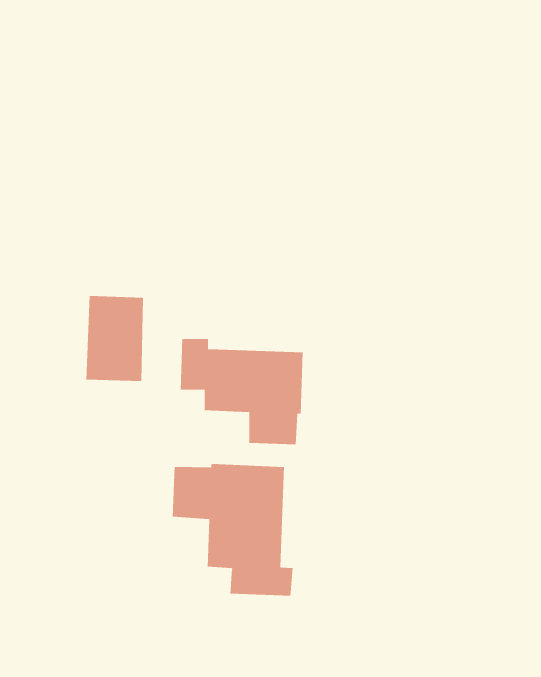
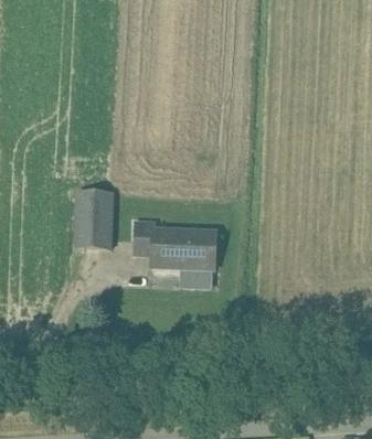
building: [172,463,293,597] -> none

